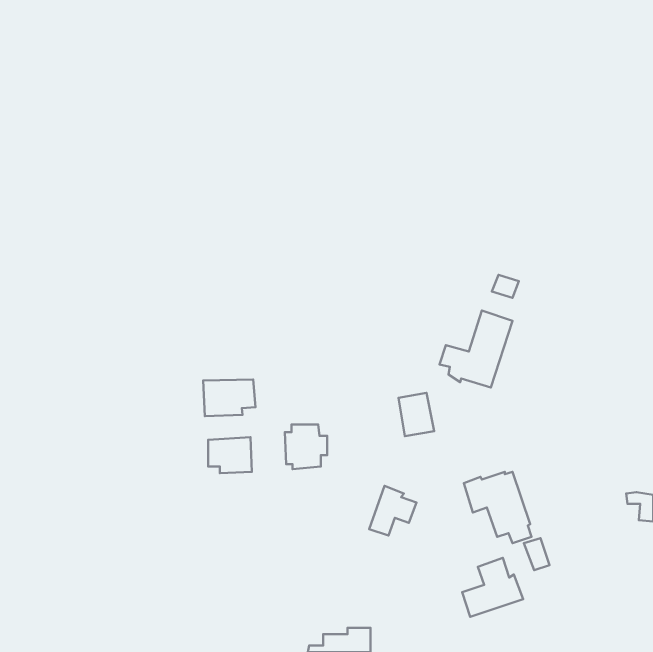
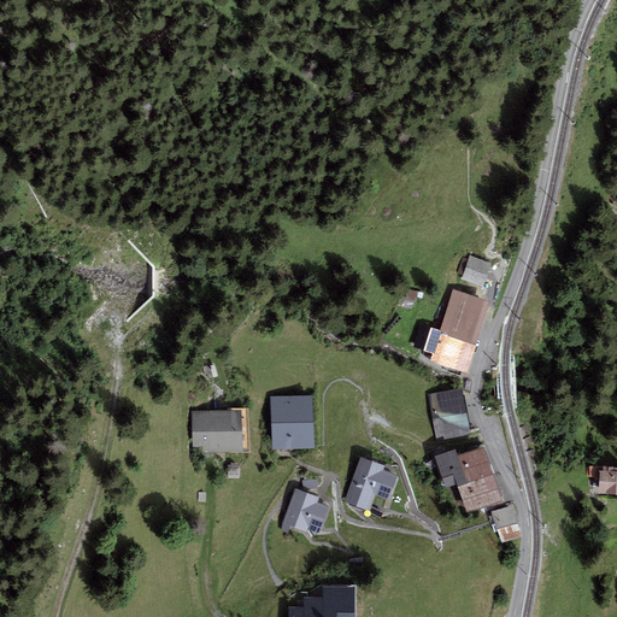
building: [203,380,255,416] -> none
building: [399,393,434,436] -> [431,394,465,435]
building: none -> [287,490,323,525]
building: [462,558,523,617] -> none

